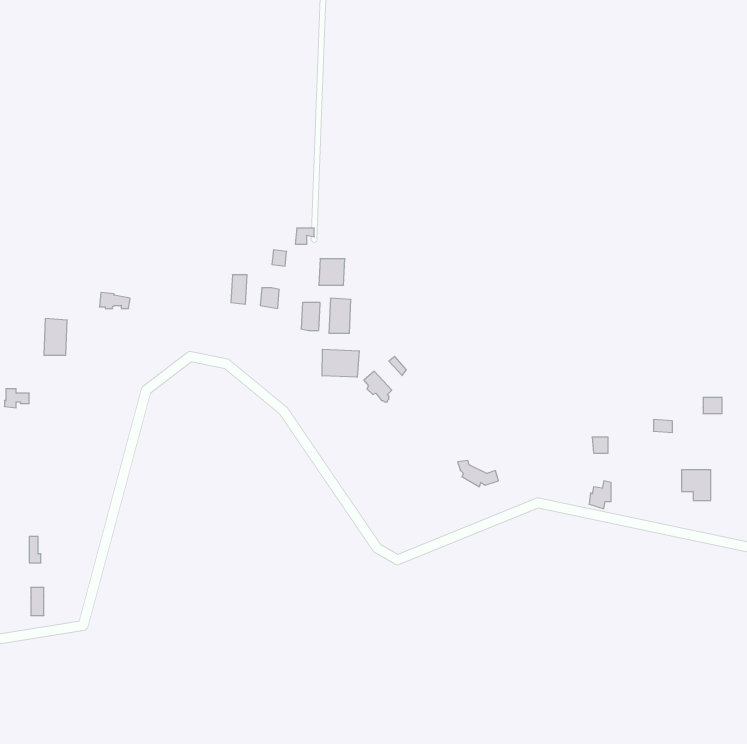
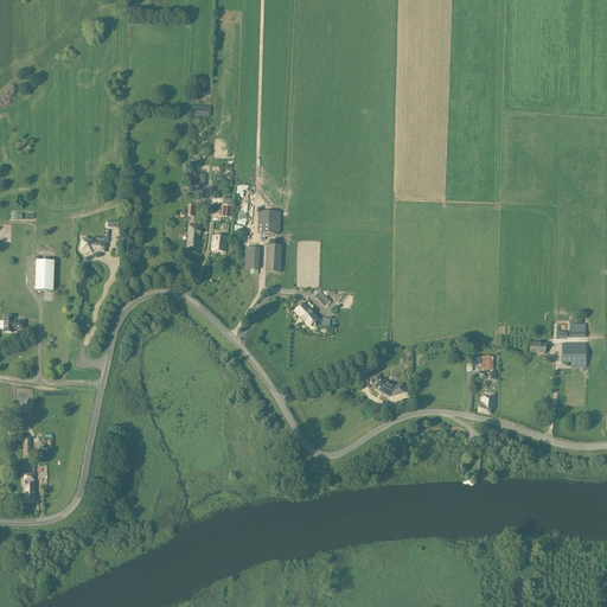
building: [322,349,359,377] -> none
building: [682,470,711,500] -> [562,341,586,366]

